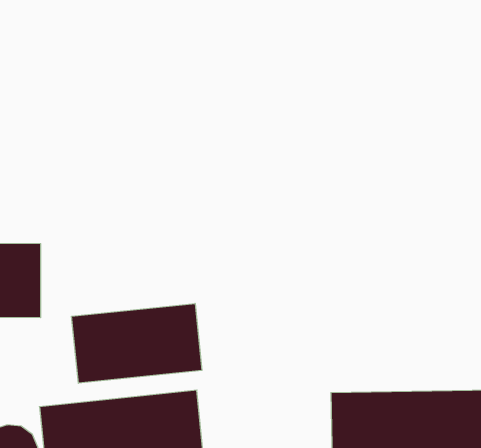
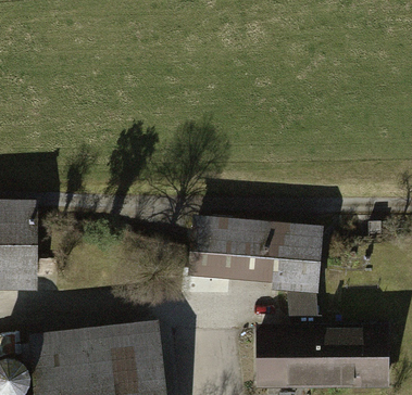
building: none -> [193,222,321,316]
building: [72,303,202,383] -> none

